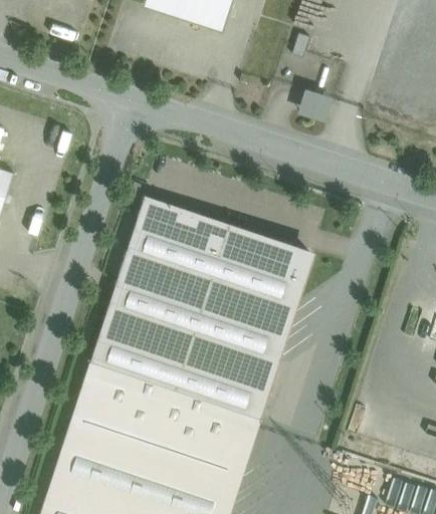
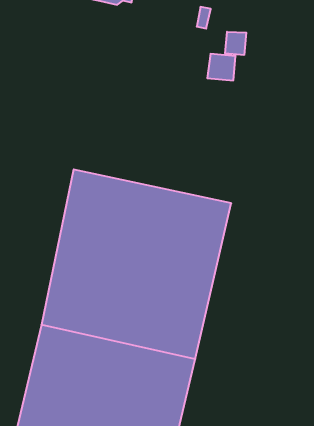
building: none -> [225,32,246,55]

